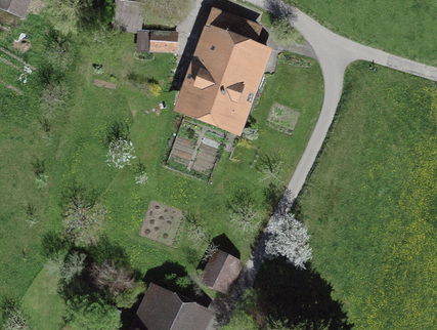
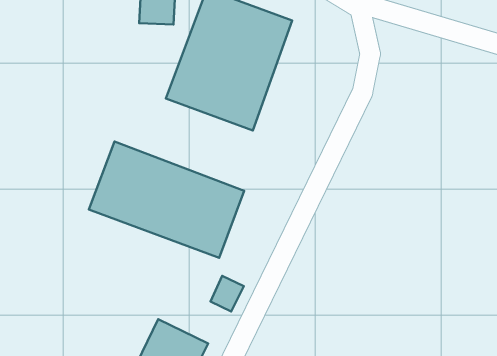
building: none -> [89,142,244,258]

